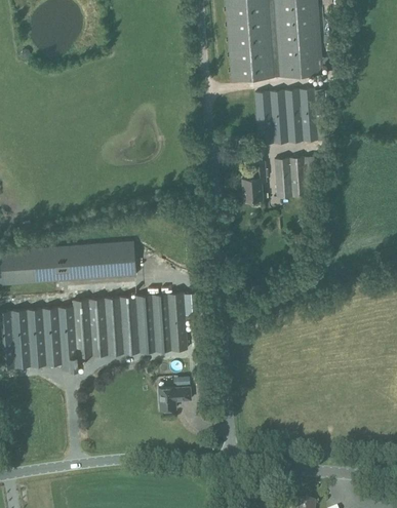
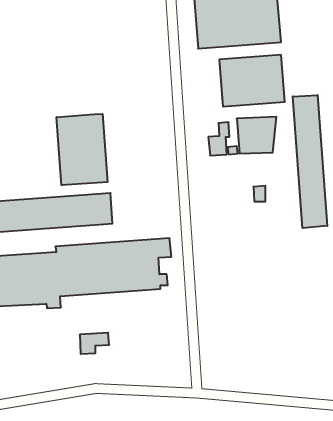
building: none -> [293,95,327,228]
building: none -> [57,114,107,185]
building: [158,385,191,408] -> [80,333,109,354]

